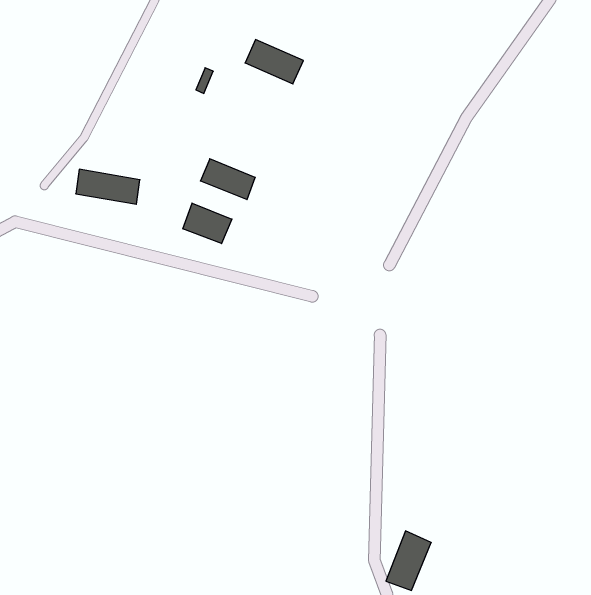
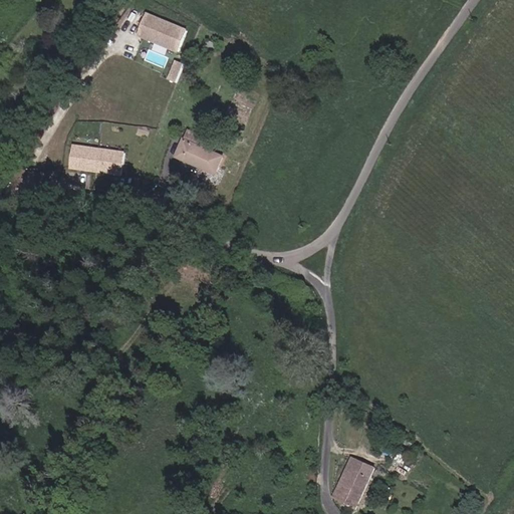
building: [245,40,303,84] -> [137,11,187,49]
building: [183,203,232,244] -> none

